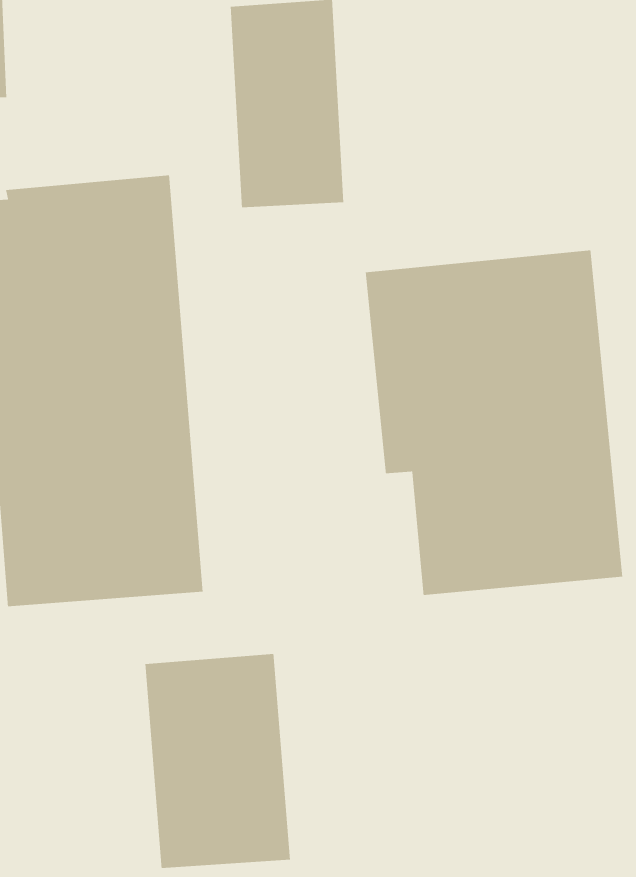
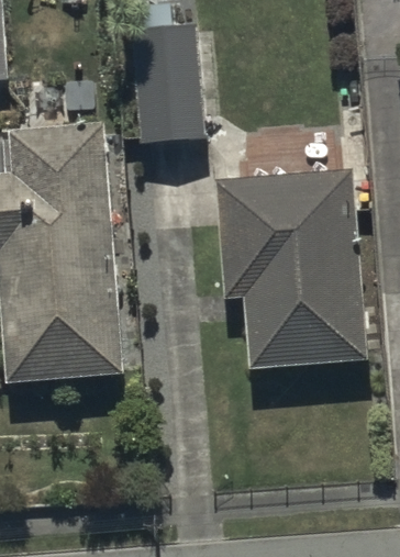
building: [144,653,291,869] -> none

